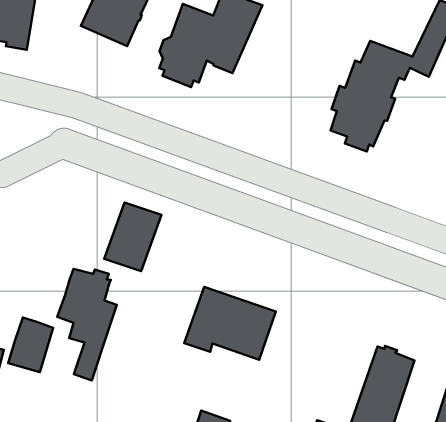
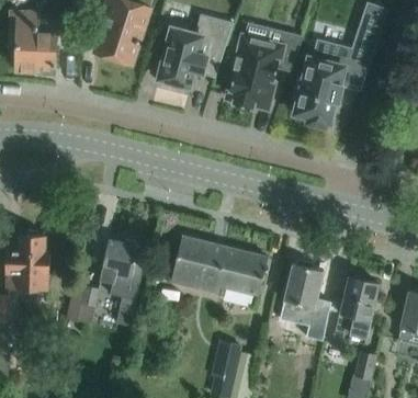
building: none -> [226,31,302,107]
building: [104,202,162,271] -> [170,237,211,288]
building: none -> [284,263,323,328]

